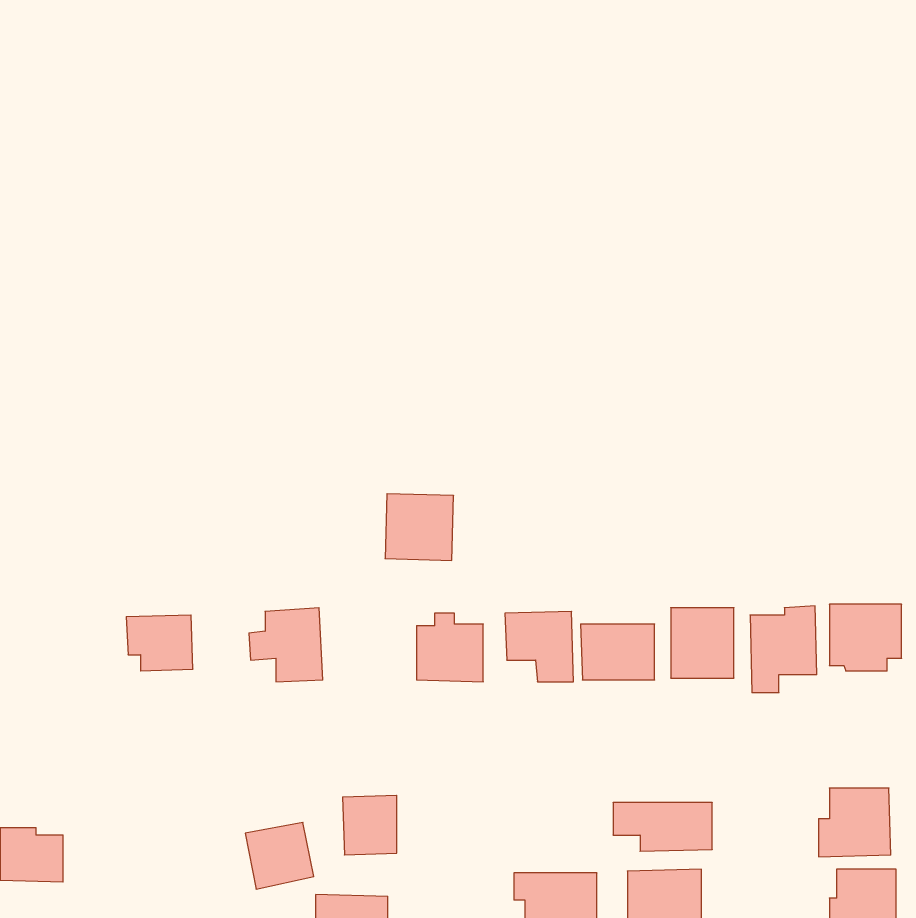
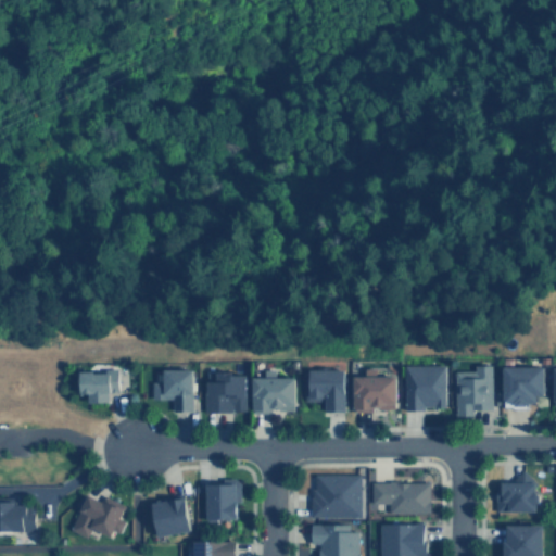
building: [385,494,454,560] -> [207,374,249,414]
building: none -> [312,475,363,516]
building: none -> [72,494,129,539]

